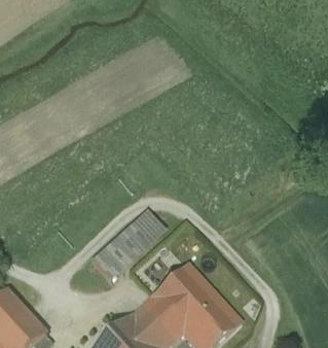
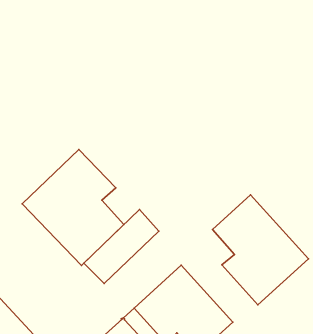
building: none -> [22,149,124,266]
building: none -> [212,195,309,305]

